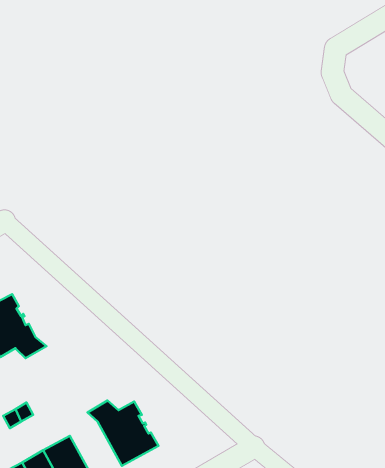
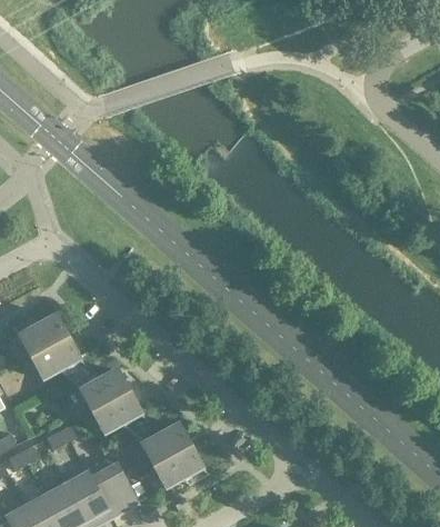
building: none -> [70,368,152,435]

